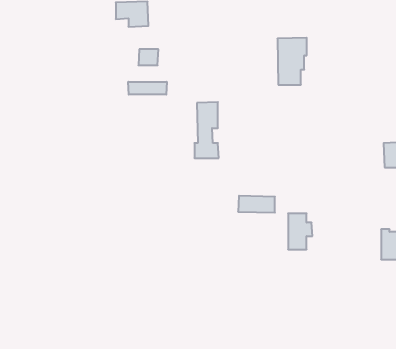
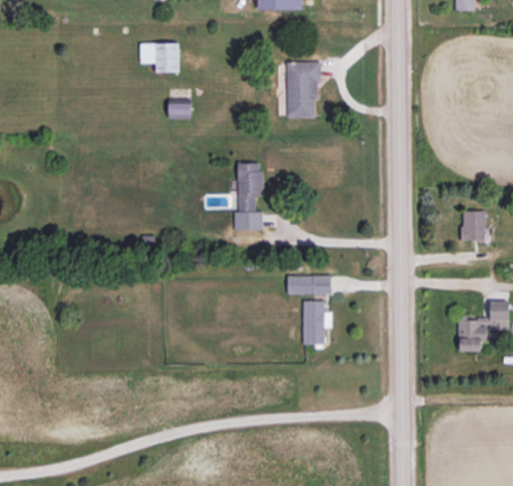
building: [277,38,307,85] -> [287,61,322,117]
building: [128,82,167,95] -> none
building: [288,213,312,249] -> [303,301,332,344]

